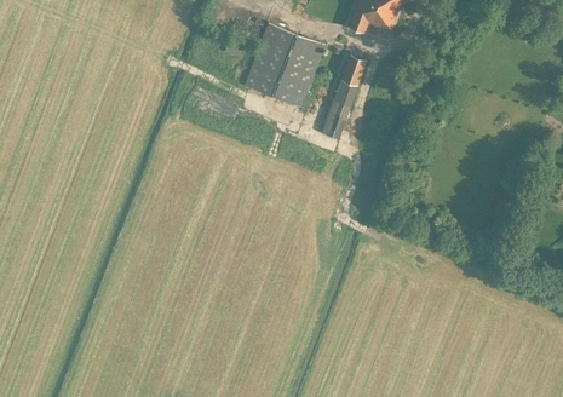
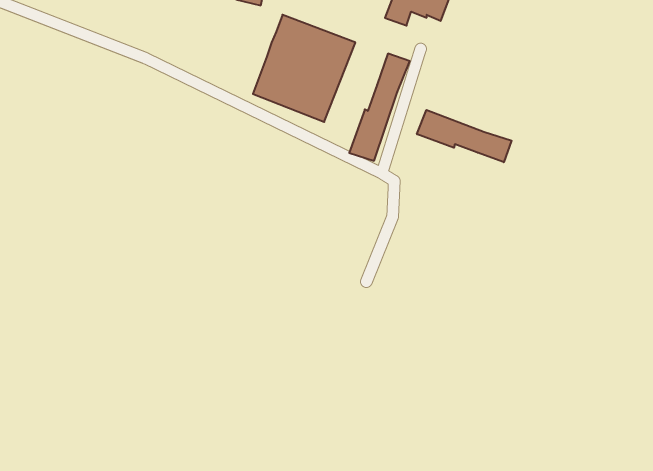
building: none -> [417,110,512,162]

